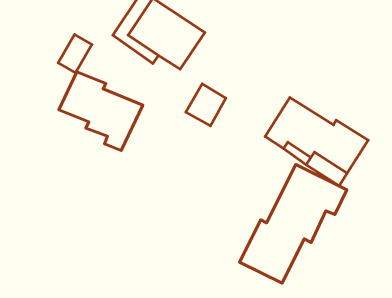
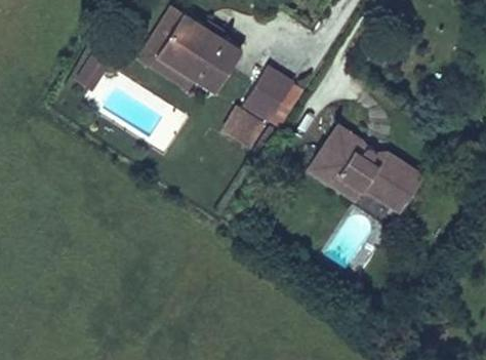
building: none -> [243,68,294,124]
building: [59,72,143,150] -> none
building: [239,165,347,283] -> none

